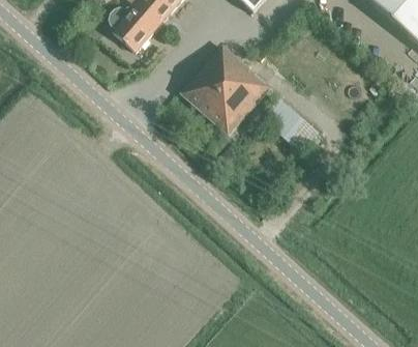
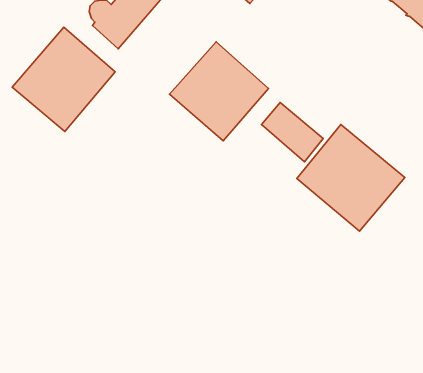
building: none -> [12,27,115,132]
building: none -> [297,125,405,231]

